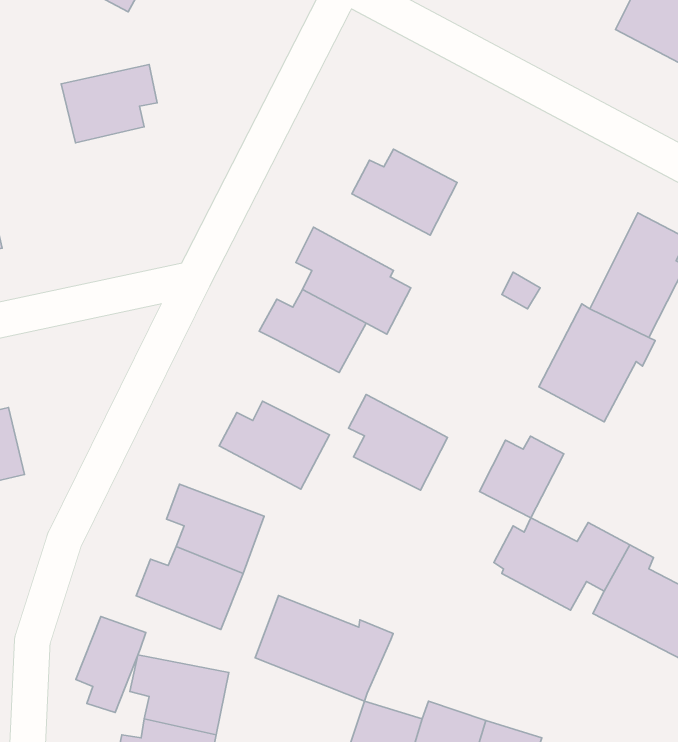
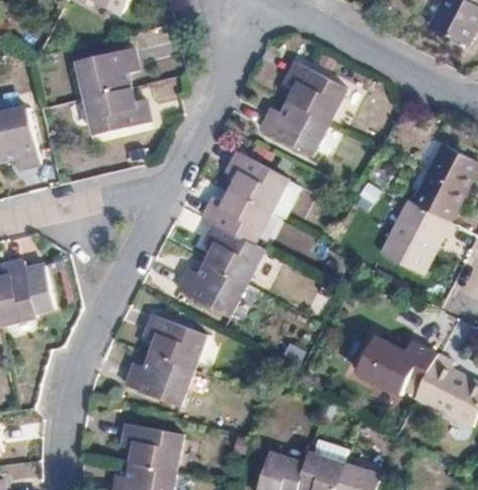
building: none -> [284,62,345,123]
building: none -> [85,87,149,135]
building: [349,394,448,490] -> [201,222,263,283]
building: [480,436,564,518] -> none
building: [255,596,393,701] -> none
building: [76,616,146,712] -> none

